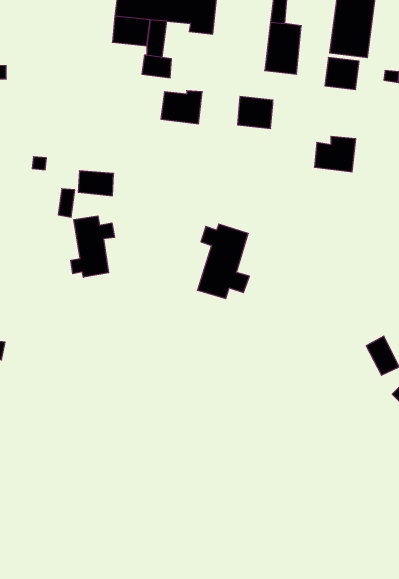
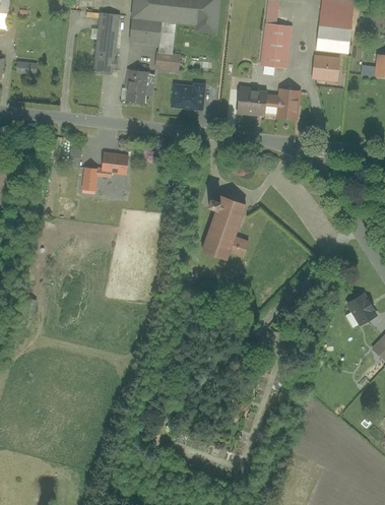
building: none -> [93,12,120,71]
building: none -> [126,70,155,102]
building: [314,136,356,172] -> [265,88,301,119]
building: [71,216,115,277] -> none

